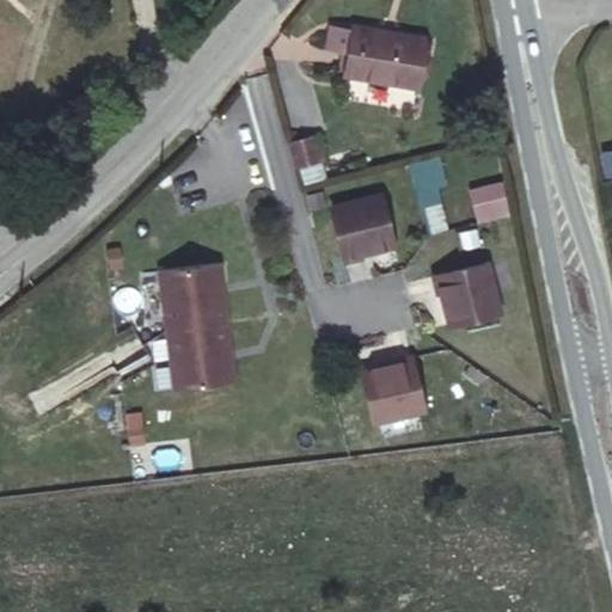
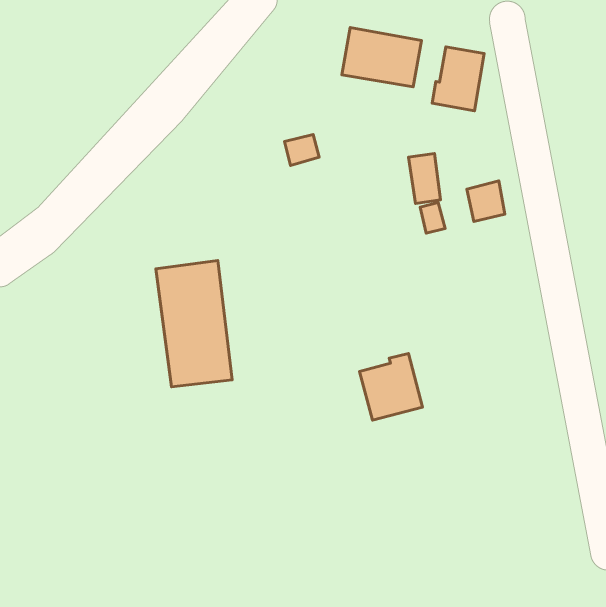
building: none -> [432,47,484,111]
building: [331,192,392,257] -> none
building: [434,264,501,328] -> none

